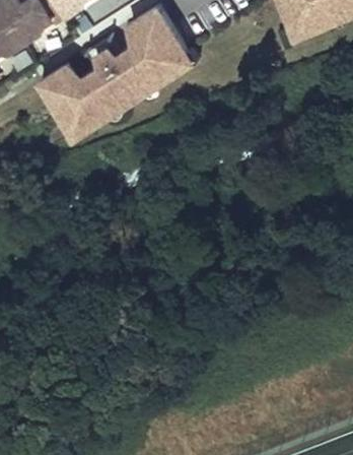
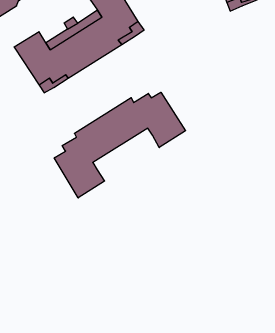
building: none -> [54,92,186,198]

